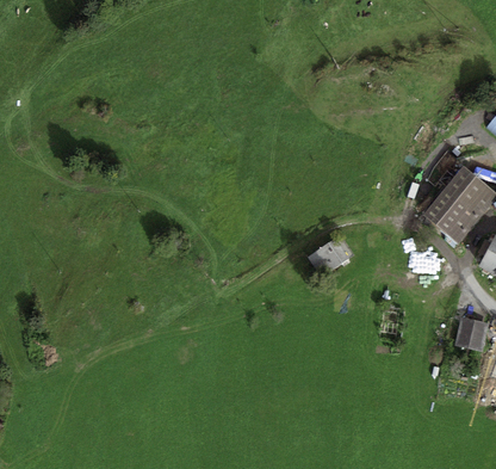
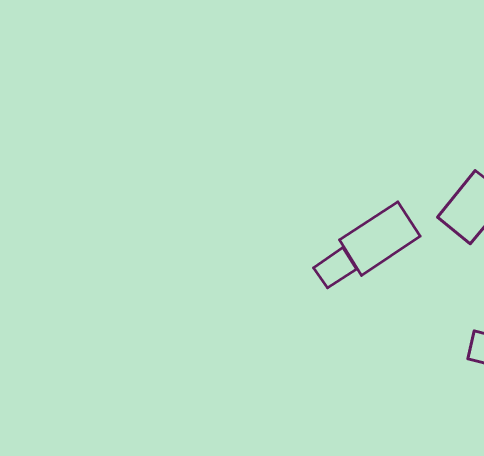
building: none -> [340,202,420,276]

